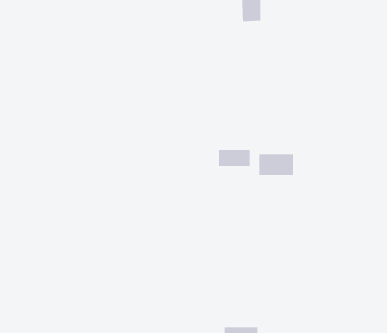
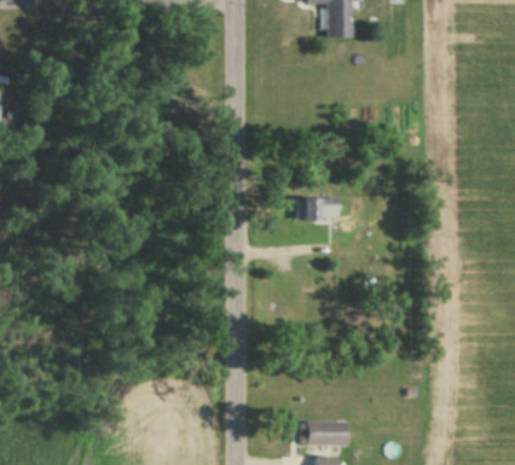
building: [259,154,294,176] -> none

